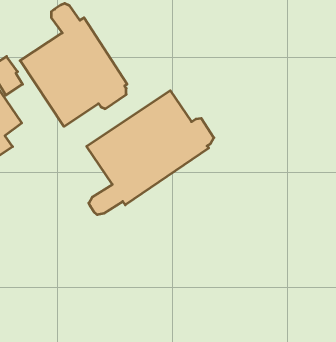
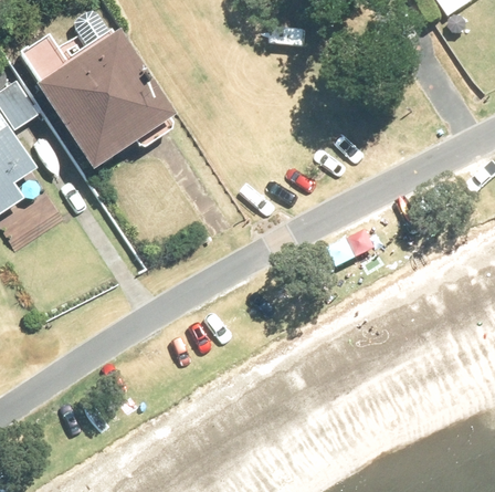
building: [87,91,214,215] -> none

